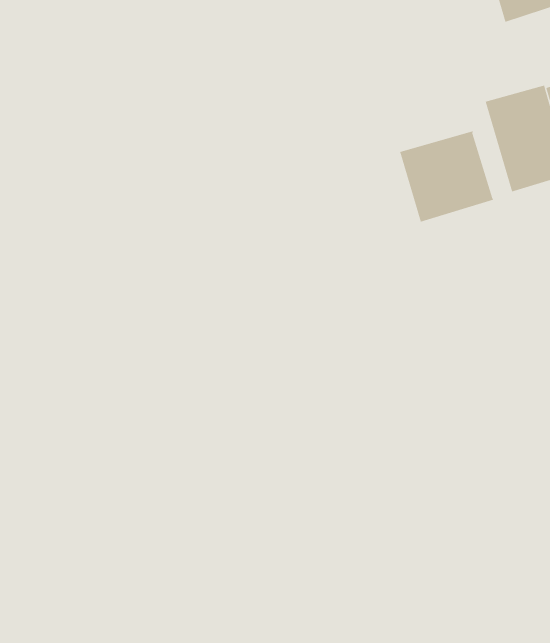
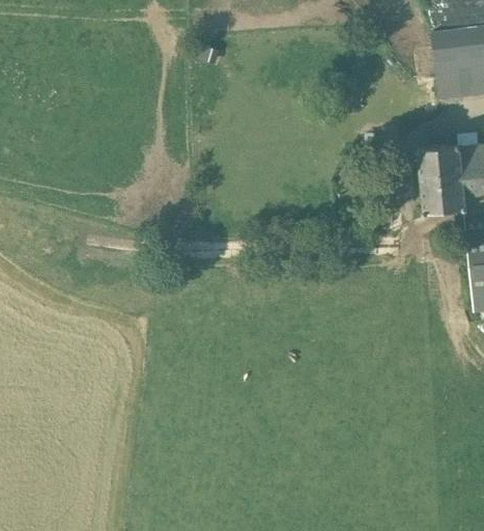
building: [399,130,494,223] -> none

